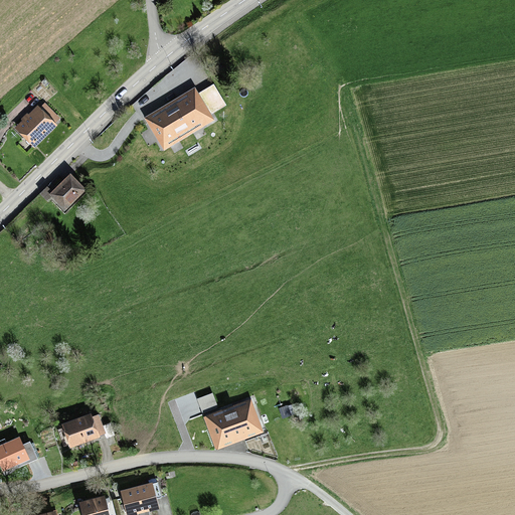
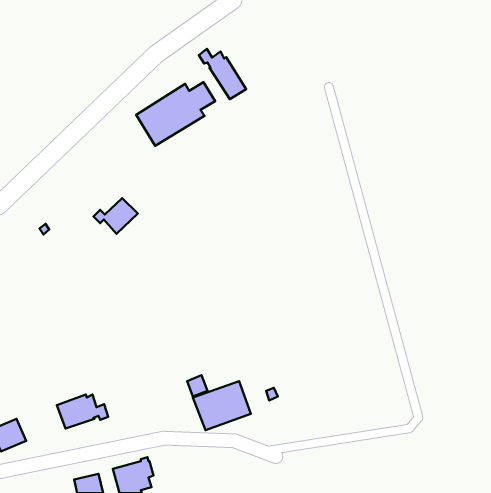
building: none -> [199,49,246,99]
building: [12,104,58,149] -> none
building: [38,175,84,212] -> [93,198,138,234]

